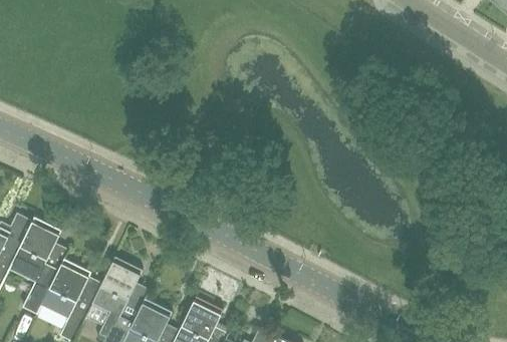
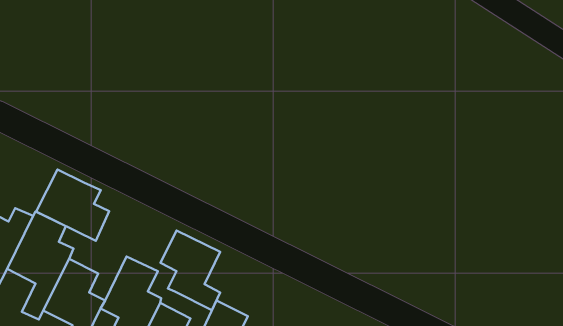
building: none -> [36,169,109,241]
building: none -> [161,230,220,310]

